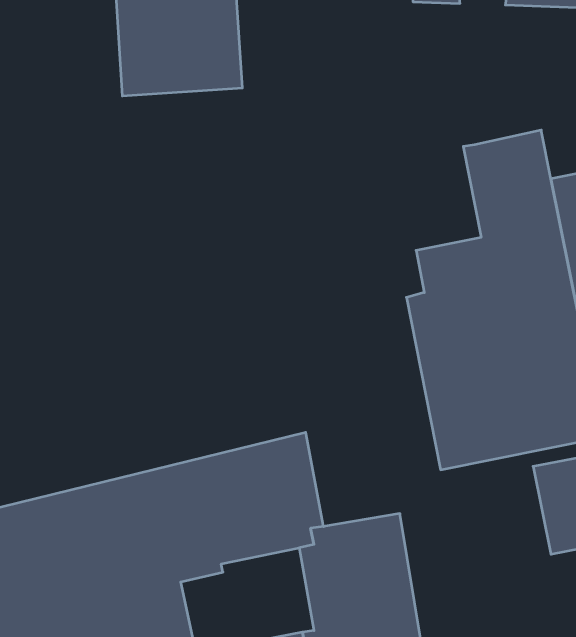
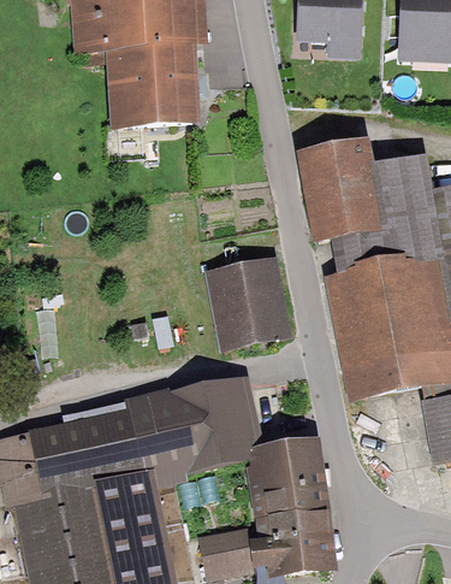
building: none -> [297,136,378,243]
building: none -> [203,254,287,350]

